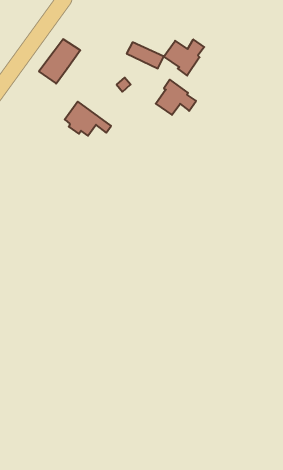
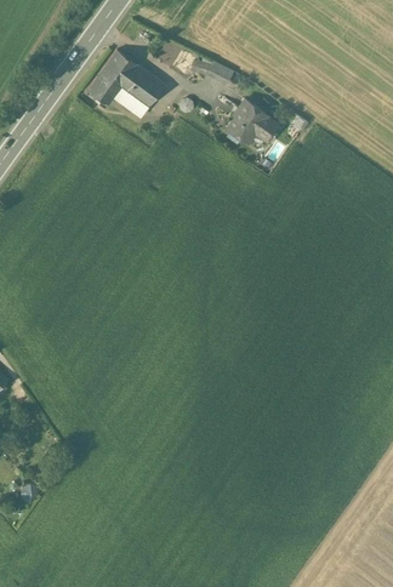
building: [164,39,204,76] -> none
building: [65,102,111,136] -> [120,64,176,106]

